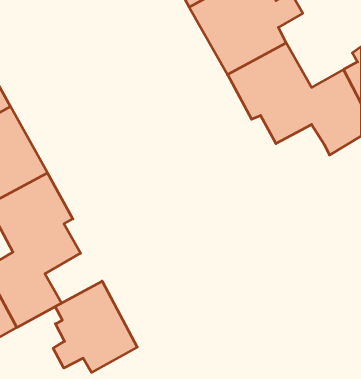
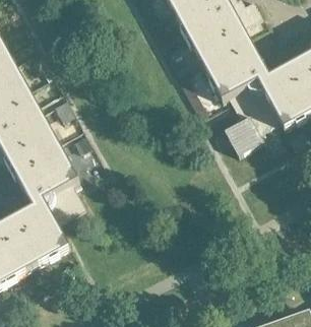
building: none -> [224,104,279,154]
building: [53,281,137,372] -> none

